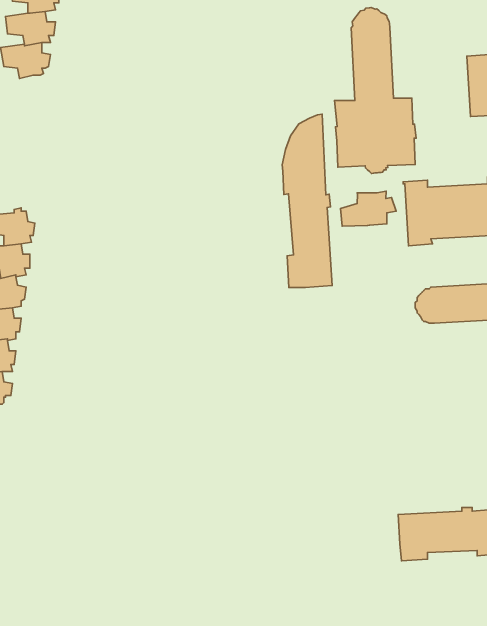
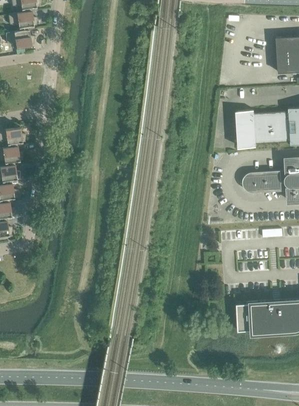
building: [335,7,416,173] -> none
building: [282,114,332,288] -> none
building: [340,191,396,226] -> none

